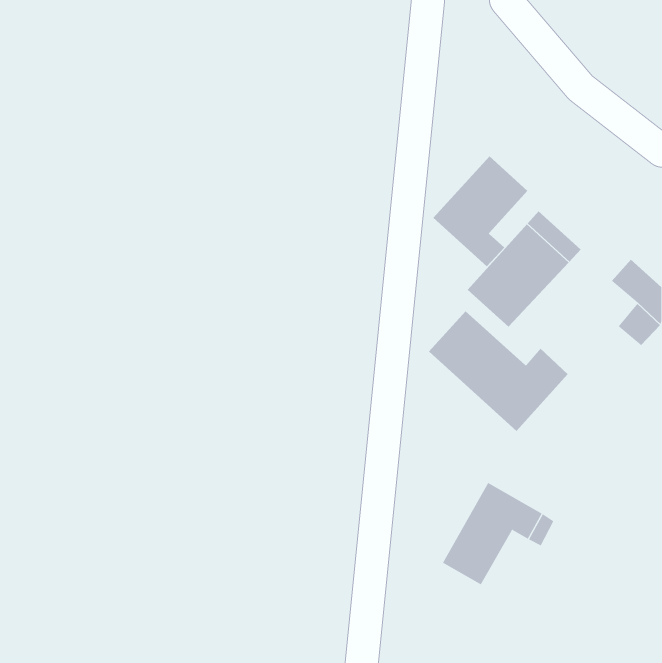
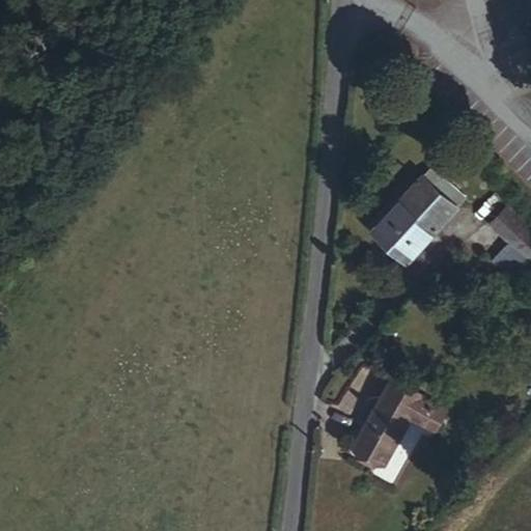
building: [432,156,528,267] -> none
building: [428,310,569,432] -> none

